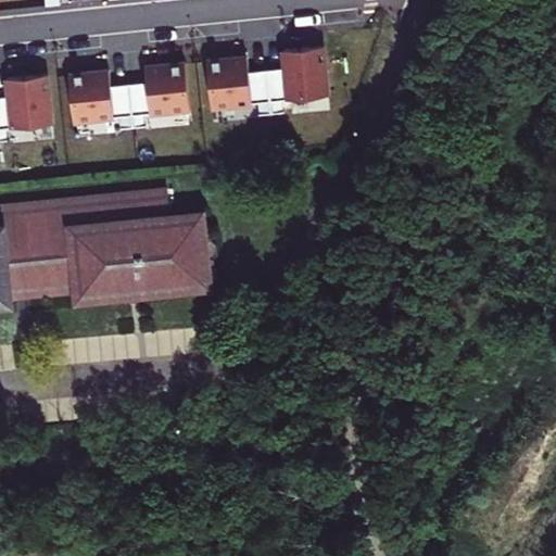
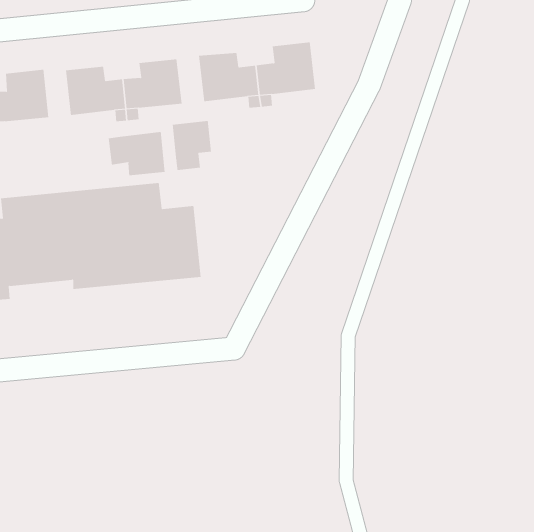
building: none -> [172,120,212,171]
building: none -> [108,131,165,176]

